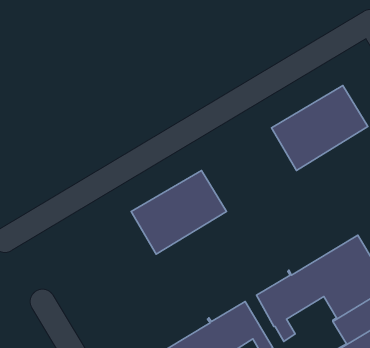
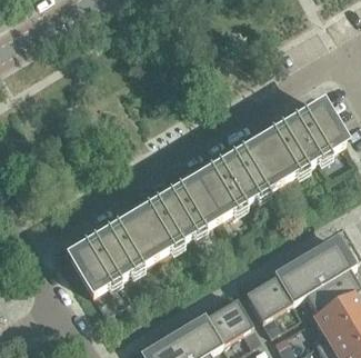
building: none -> [197,145,281,219]
building: none -> [70,219,157,295]

